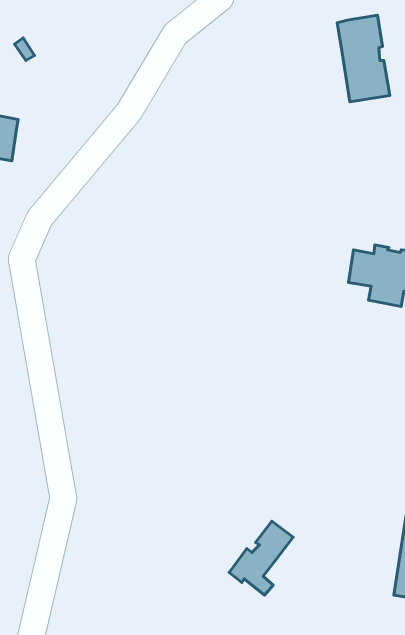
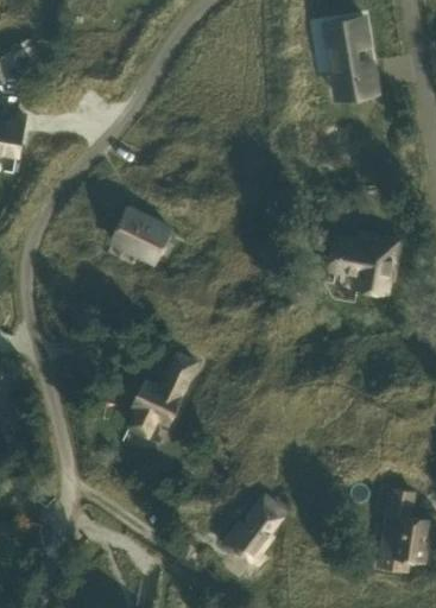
building: none -> [112,211,170,264]
building: none -> [128,355,196,437]

